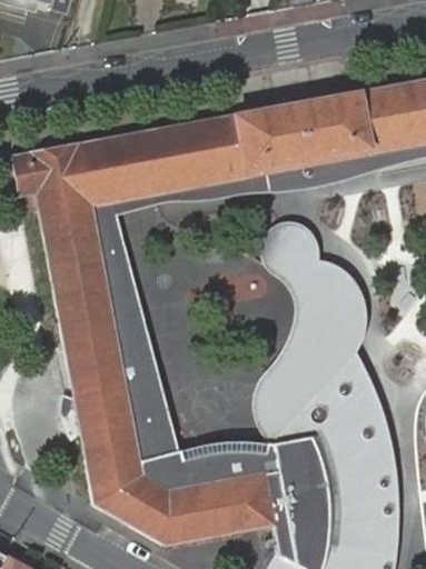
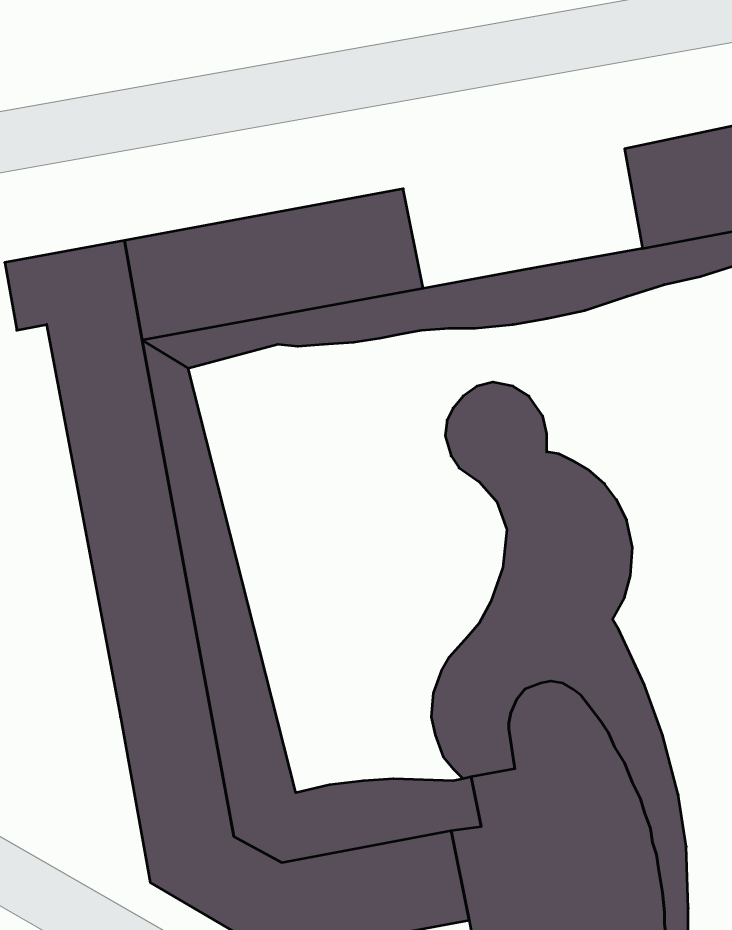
building: [236,91,369,169] -> none

